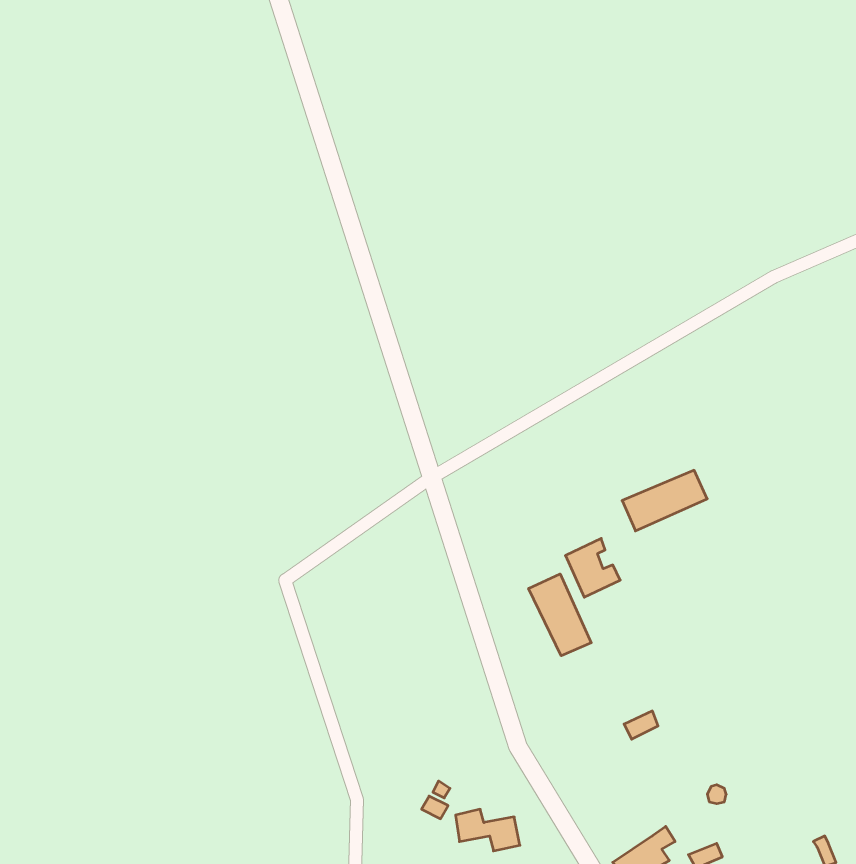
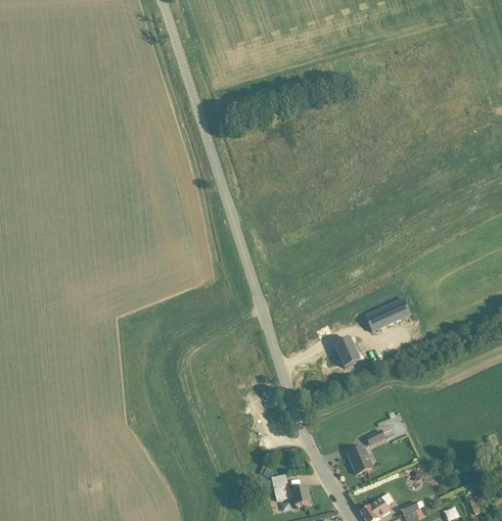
building: [529,574,591,656] -> none
building: none -> [347,444,371,472]

